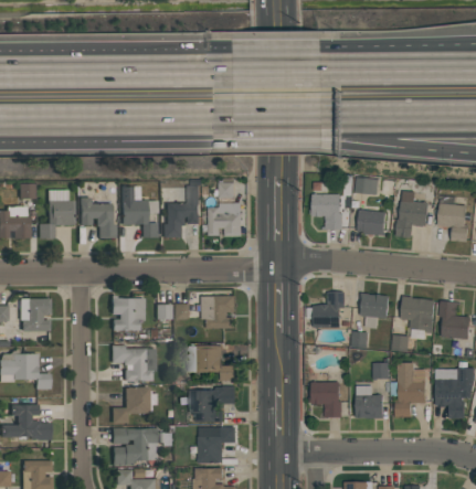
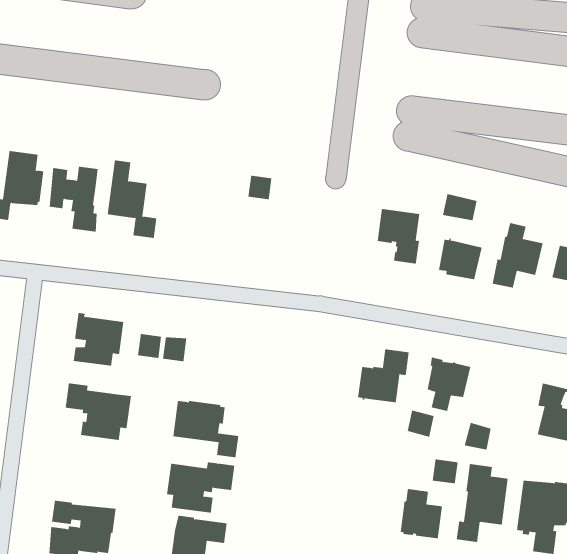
building: [163,180,202,236] -> none
building: [209,203,242,236] -> none
building: [202,296,235,329] -> none
building: [401,296,435,332] -> none
building: [311,382,342,417] -> none
building: [113,386,157,423] -> none

